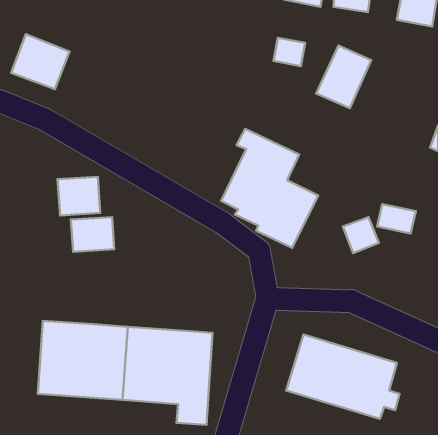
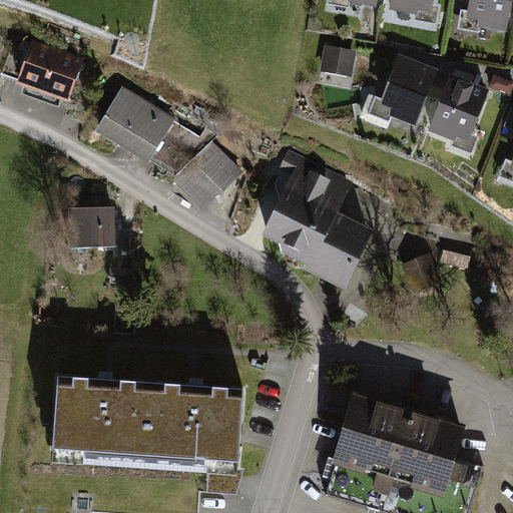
building: none -> [424,73,488,145]
building: none -> [92,86,246,209]
building: [71,217,114,252] -> none

